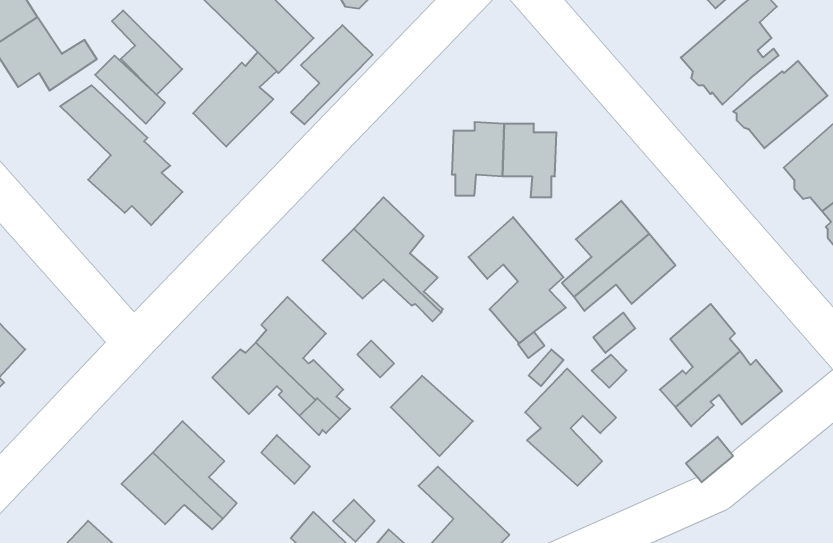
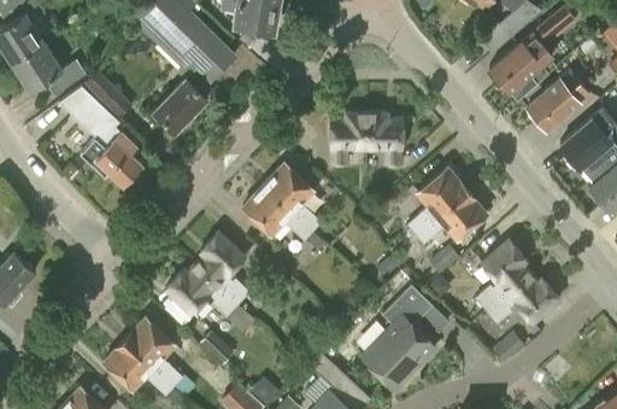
building: [112,10,182,95] -> none
building: [291,25,373,124] -> none
building: [468,217,566,343] -> none
building: [391,376,473,456] -> [362,334,418,390]

